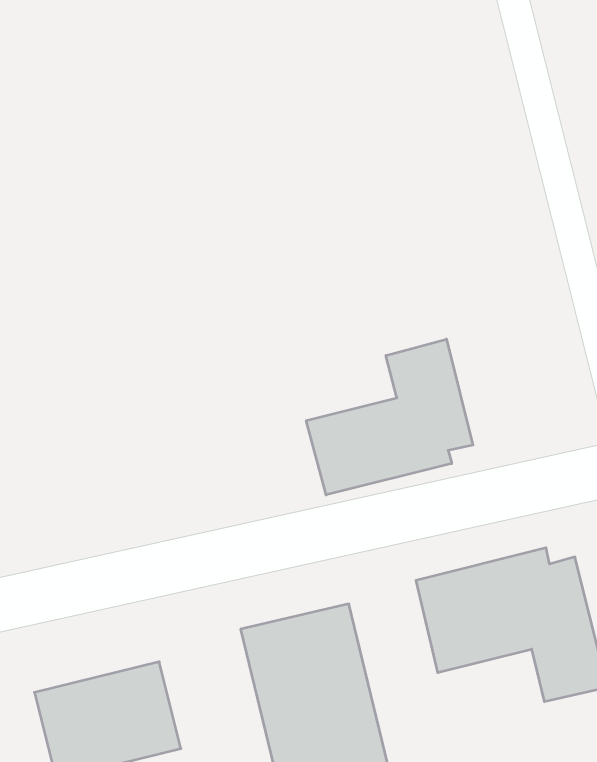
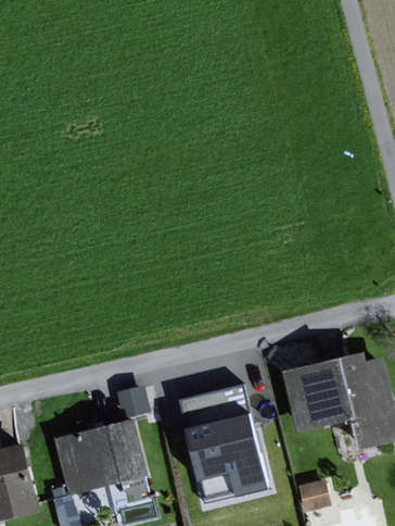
building: [306,339,473,495] -> none

